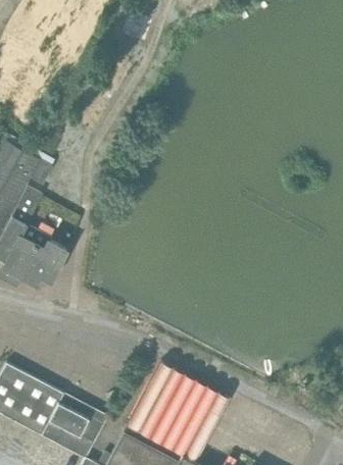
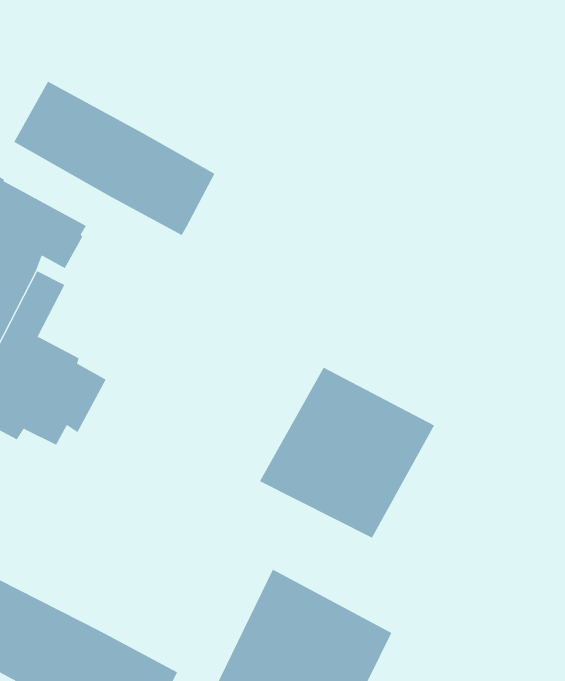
building: none -> [13,81,215,236]
building: none -> [259,367,435,539]

